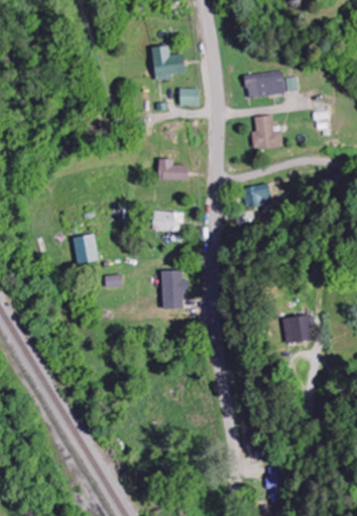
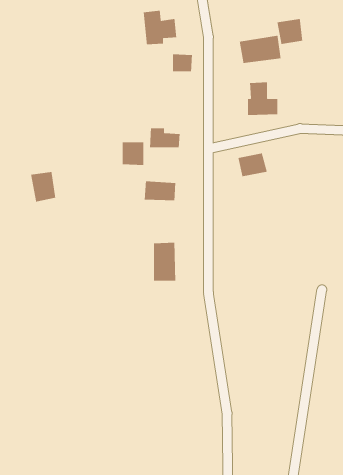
building: none -> [277,18,303,45]
building: none -> [122,141,144,166]
building: [73,234,98,264] -> [30,171,56,202]
building: [283,314,314,342] -> none

